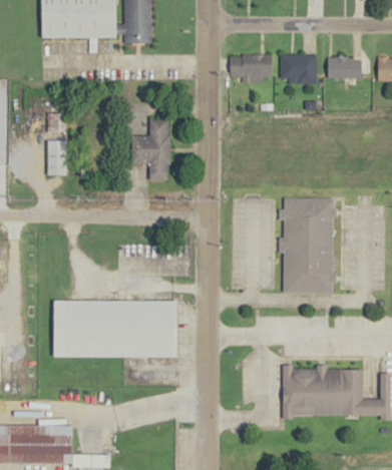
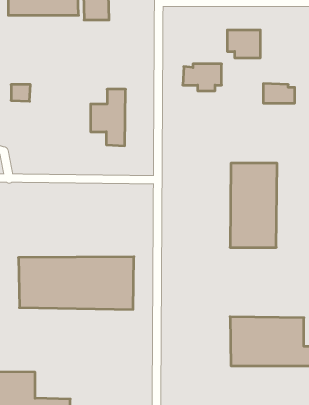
building: [230,54,272,83] -> [183,64,222,91]
building: [328,57,362,78] -> [263,84,295,103]
building: [47,140,67,174] -> none

